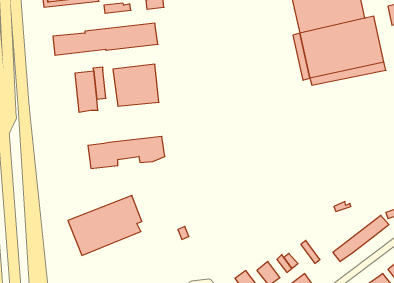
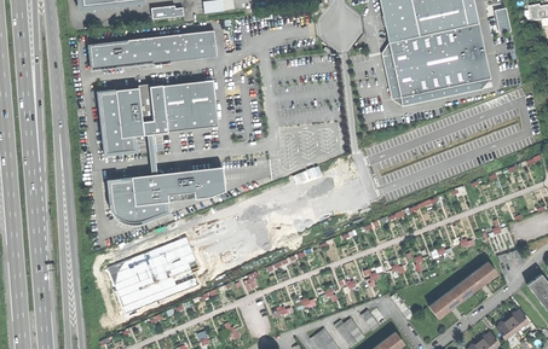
building: none -> [143,85,168,134]
building: none -> [98,89,138,153]
building: none -> [106,176,169,222]

